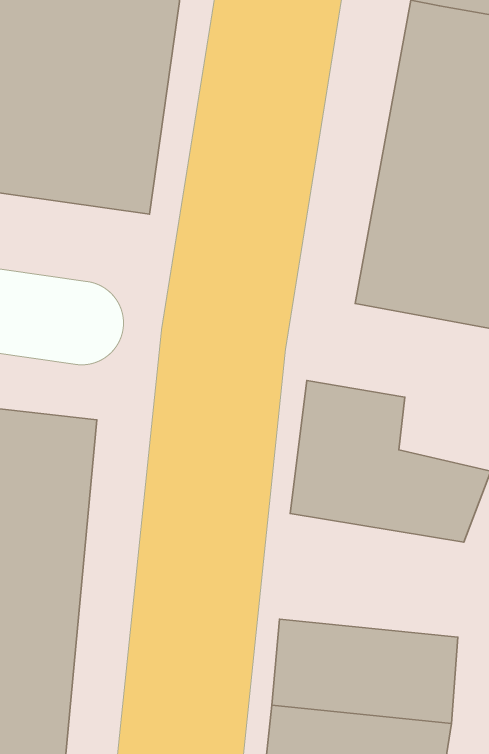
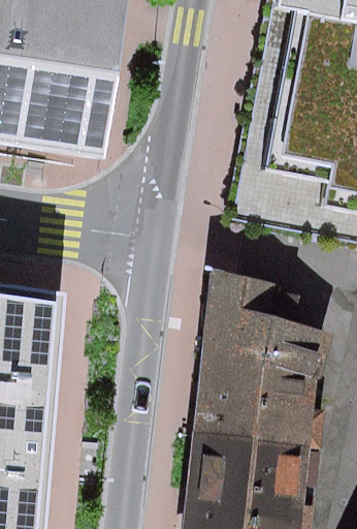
building: none -> [194,359,320,443]

